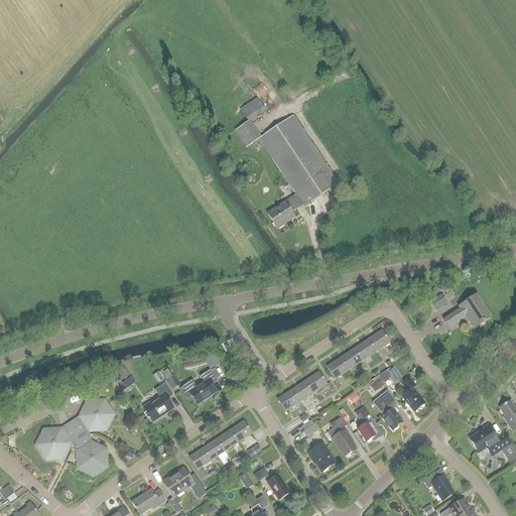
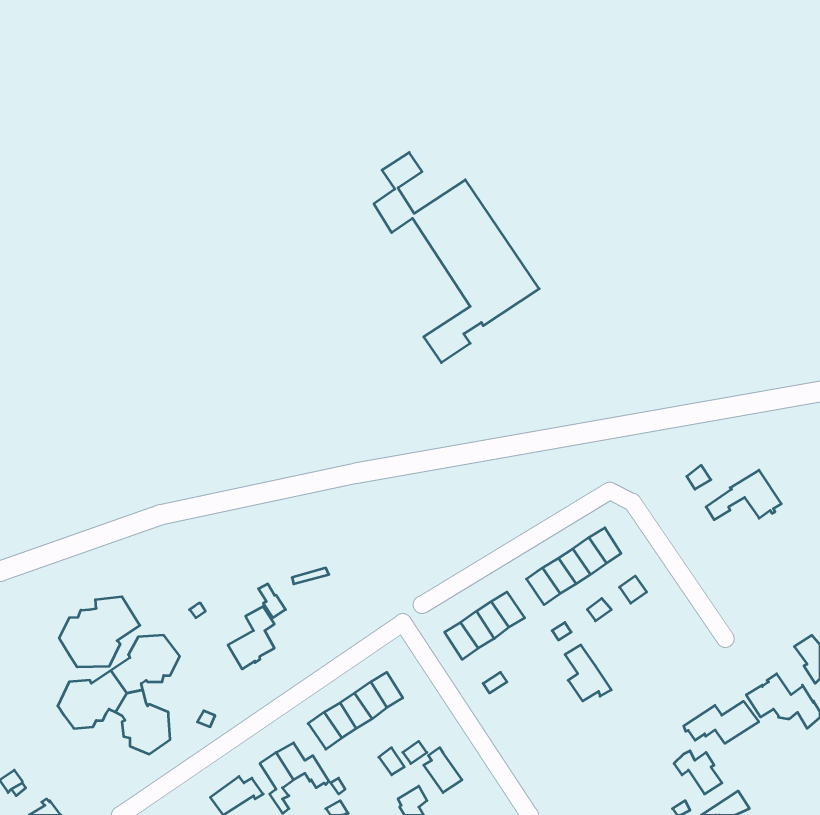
building: [179,366,220,402] -> none
building: none -> [59,597,140,667]
building: [401,376,425,410] -> none
building: [372,388,402,427] -> none
building: [327,414,356,454] -> none
building: [302,440,336,470] -> none
building: none -> [684,701,759,743]

